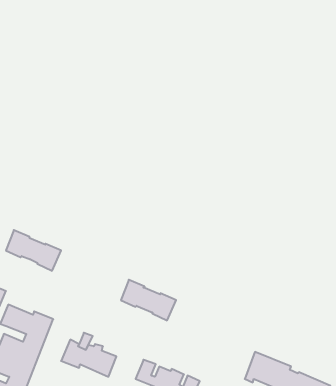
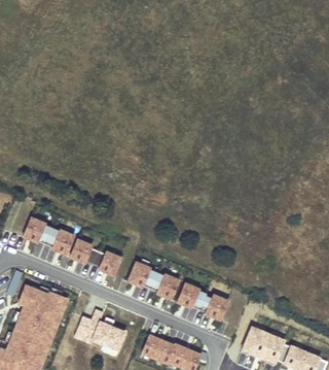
building: none -> [70,238,120,274]
building: none -> [177,283,227,319]

